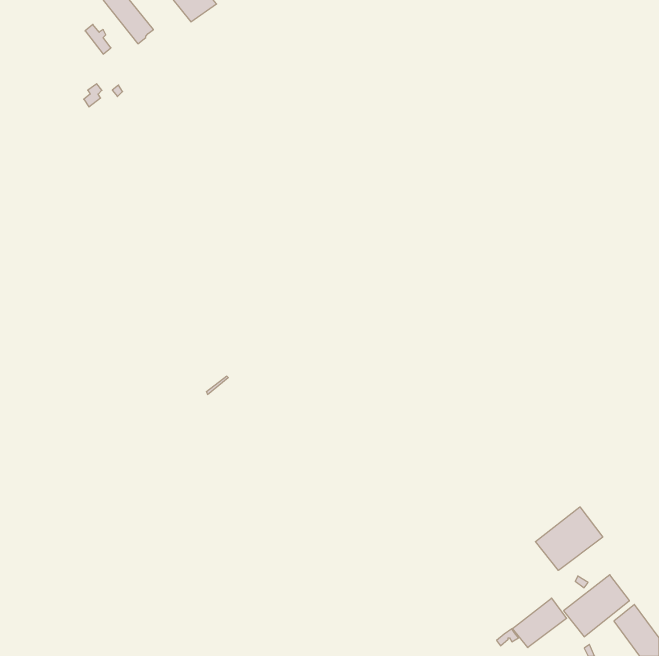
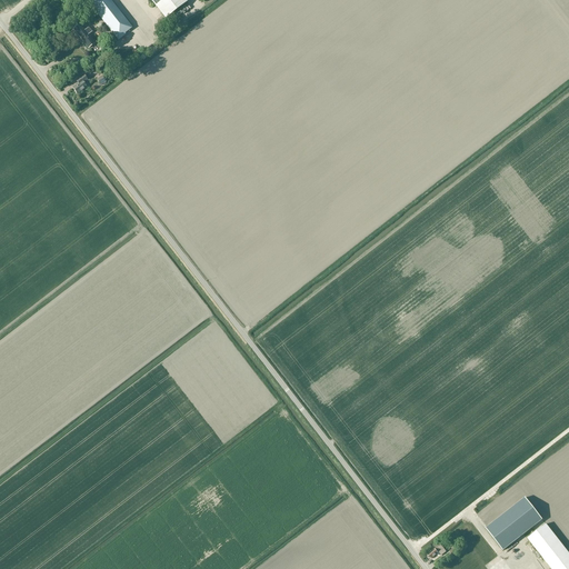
building: [535,507,603,570] -> none
building: [512,598,567,648] -> none

